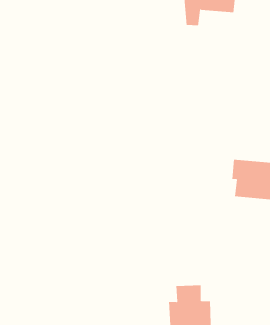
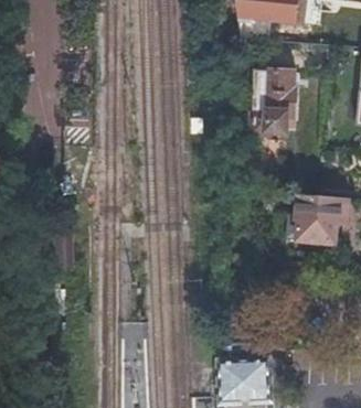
building: none -> [252,71,295,132]

